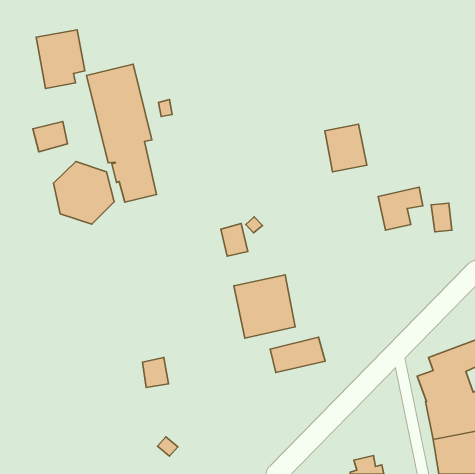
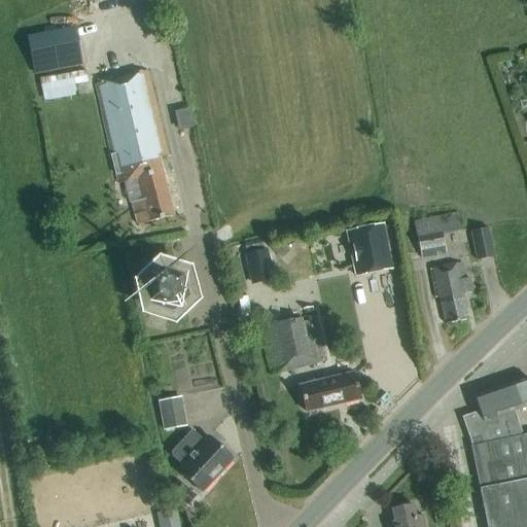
building: [33,121,67,152] -> none
building: [325,124,367,172] -> [347,222,393,275]
building: [54,162,114,224] -> [134,254,201,323]
building: none -> [430,261,472,323]
building: none -> [172,428,234,491]

